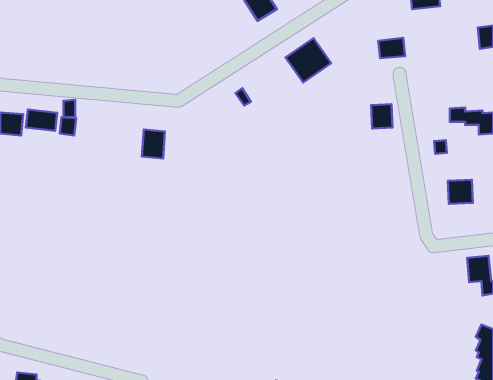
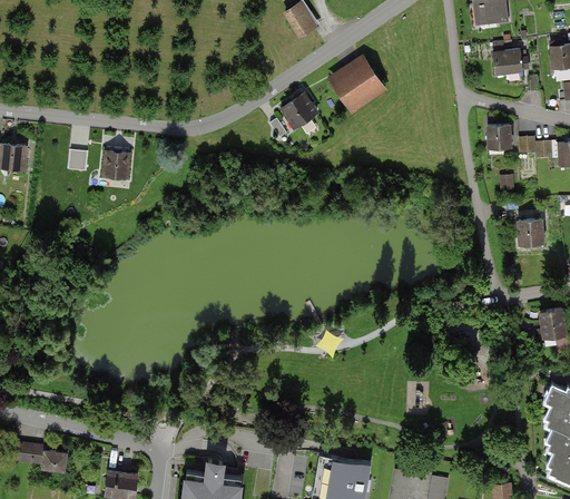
building: [378,38,405,58] -> [493,49,524,72]
building: none -> [278,89,320,127]
building: [371,104,393,128] -> [487,124,511,151]
building: [26,109,57,131] -> none
building: [142,130,165,158] -> [102,149,129,183]

